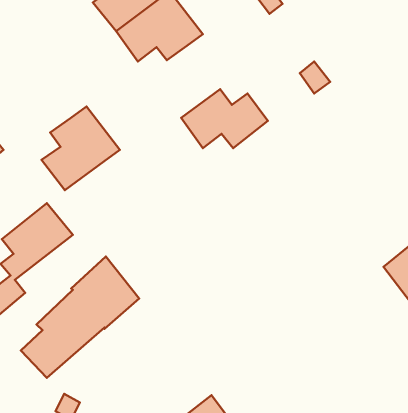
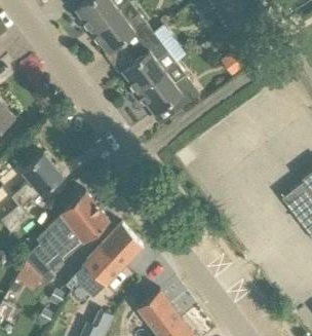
building: [42,106,120,190] -> [121,33,177,92]
building: none -> [64,224,141,293]

